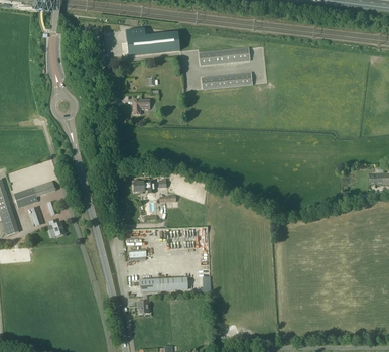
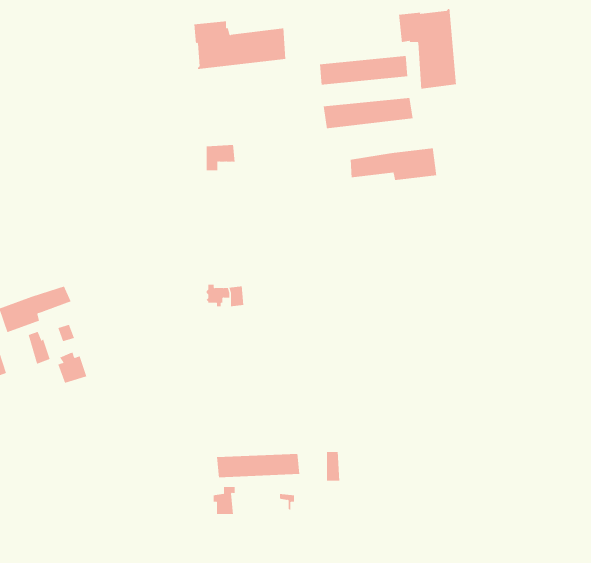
building: none -> [399,8,456,90]
building: none -> [350,148,437,181]

